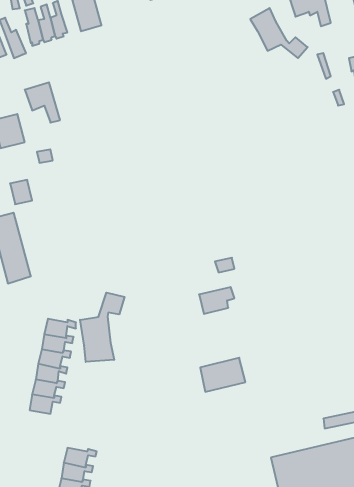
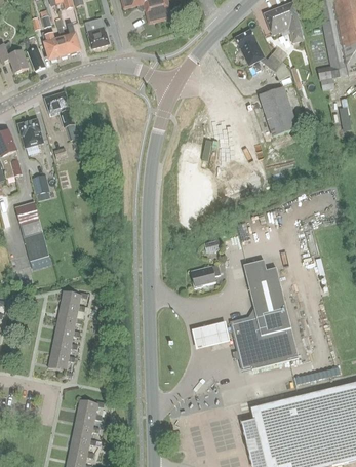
building: none -> [258,85,295,134]
building: none -> [230,259,299,368]
building: [80,293,125,362] -> none

